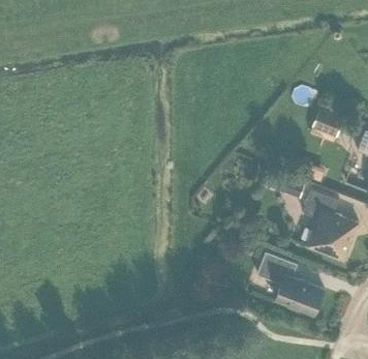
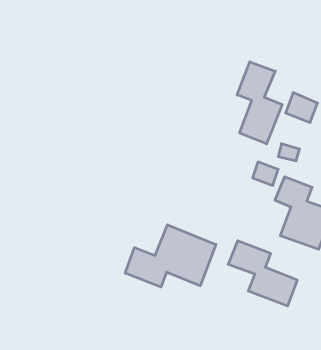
building: none -> [237,62,282,144]
building: none -> [125,225,216,287]

